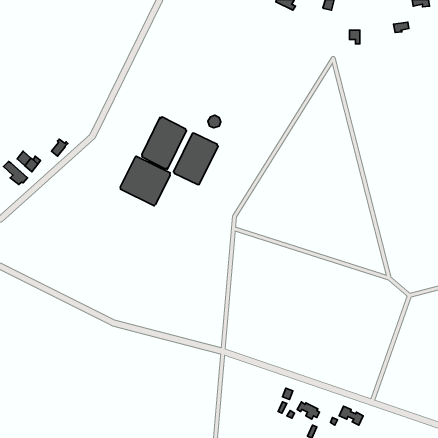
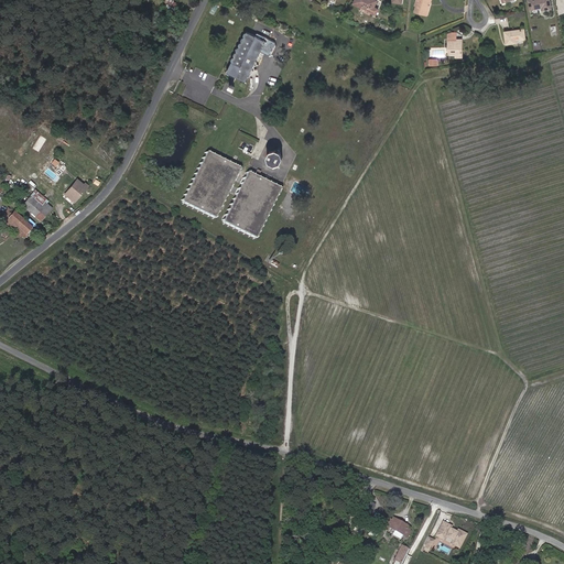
building: none -> [228,30,268,80]
building: [120,156,170,206] -> none

